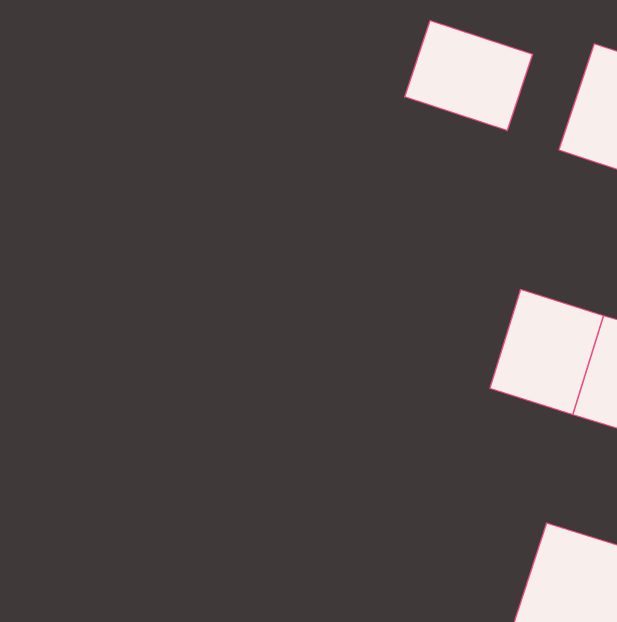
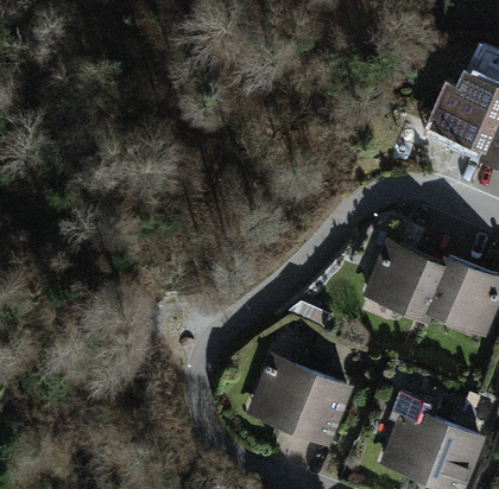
building: [405,21,532,131] -> none
building: none -> [252,356,352,450]

